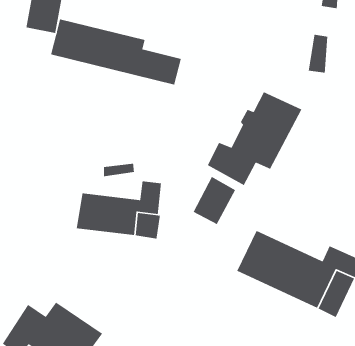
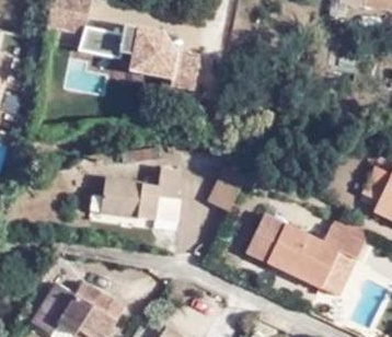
building: [207,91,302,186] -> none

